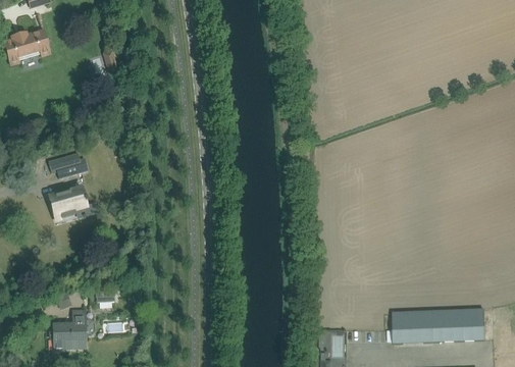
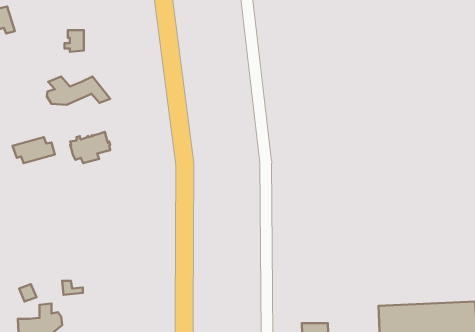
building: none -> [47,77,110,105]
building: [48,188,86,217] -> [70,132,110,163]

